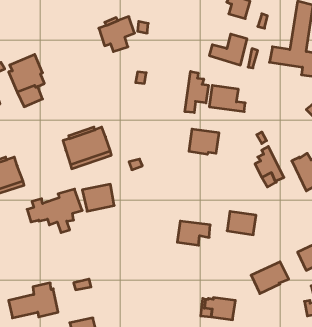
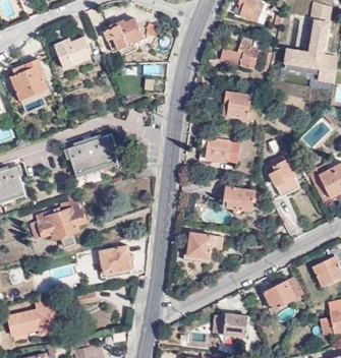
building: none -> [53,37,90,68]
building: [185,71,208,113] -> none
building: [82,184,114,211] -> [98,246,131,275]
building: [227,211,256,235] -> [224,186,254,211]

